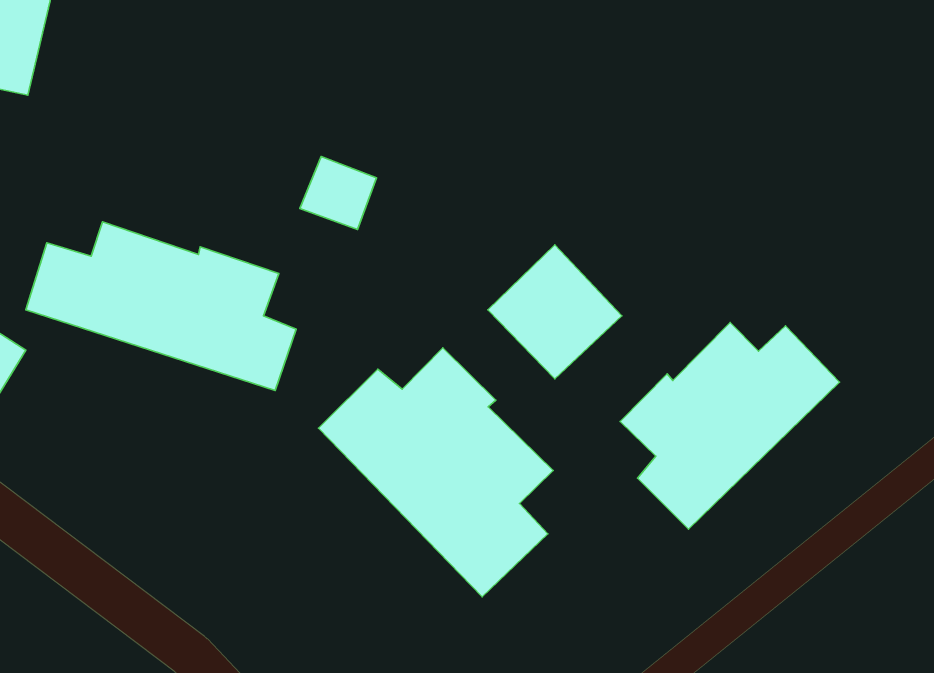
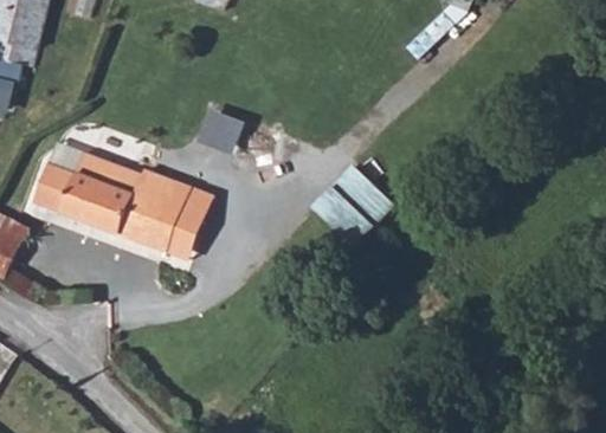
building: [620,322,840,529] -> none
building: [319,348,553,597] -> none

